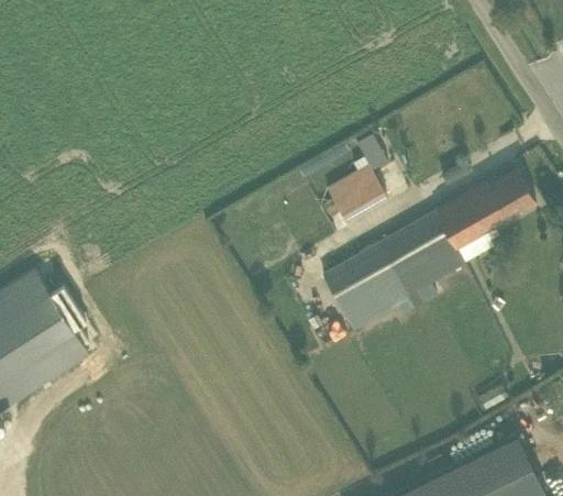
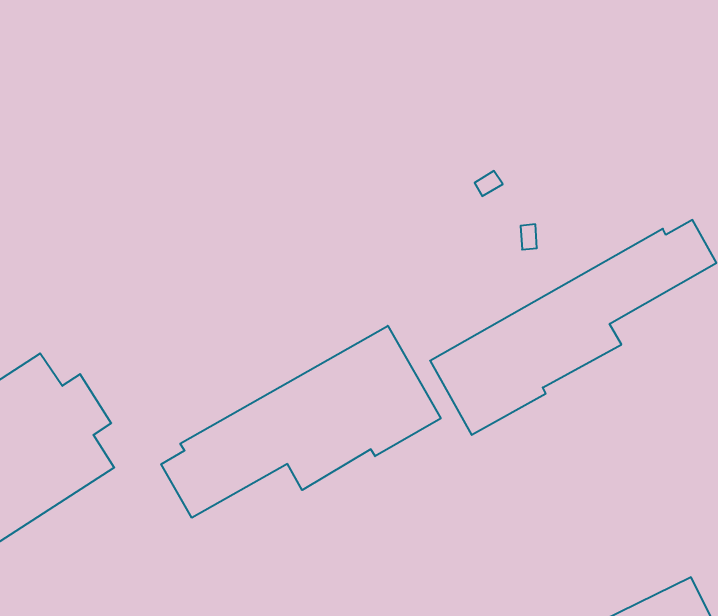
building: [332,167,387,216] -> none
building: none -> [161,326,441,518]

